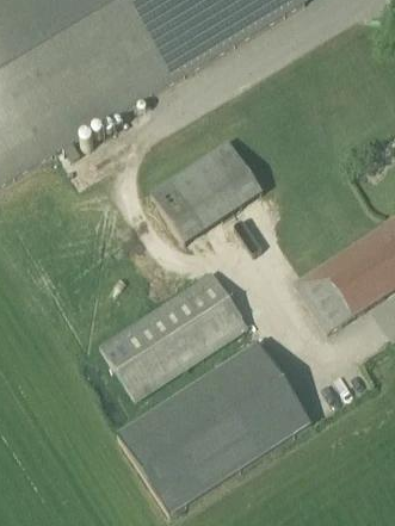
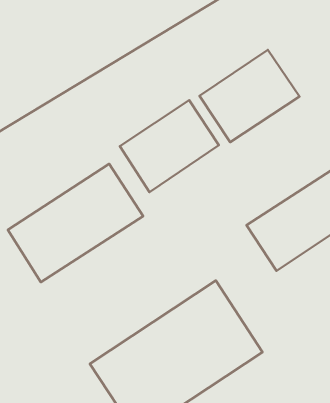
building: none -> [200,50,300,142]
building: [99,268,251,401] -> [8,164,143,282]

